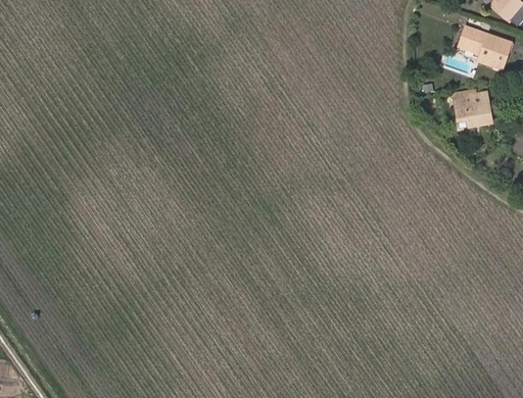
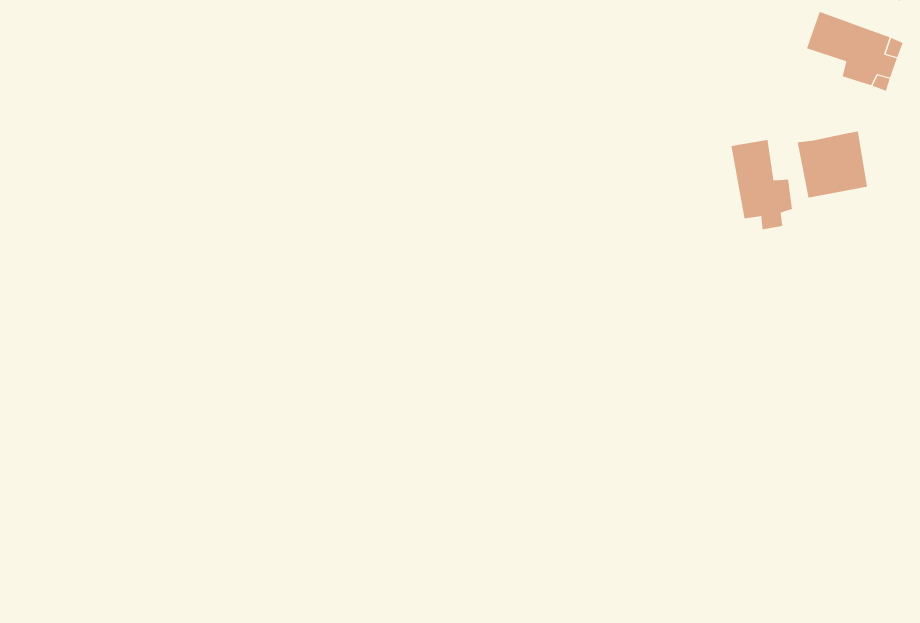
building: none -> [731,139,793,230]

